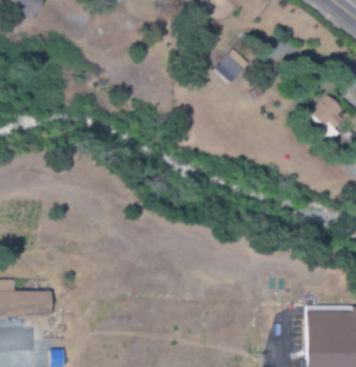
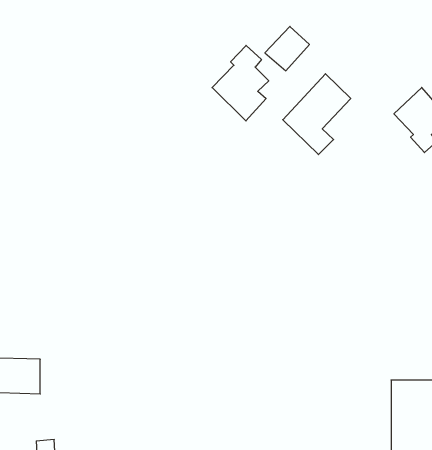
building: none -> [212,45,269,121]
building: none -> [283,74,351,155]

